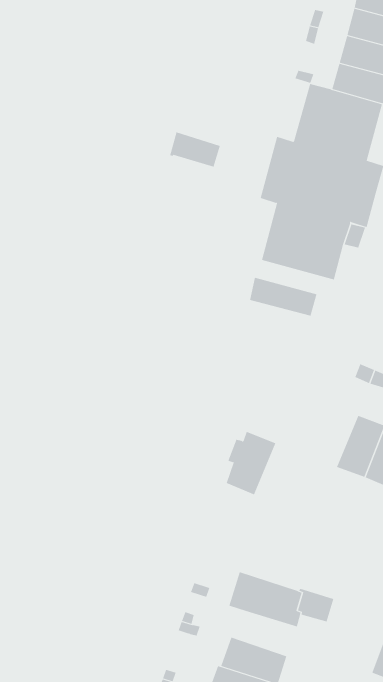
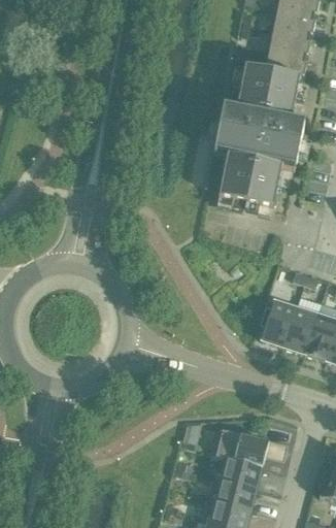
building: [170,131,220,167] -> none
building: [249,276,317,316] -> none
building: [226,431,276,495] -> [262,299,297,345]
building: none -> [214,456,263,487]

